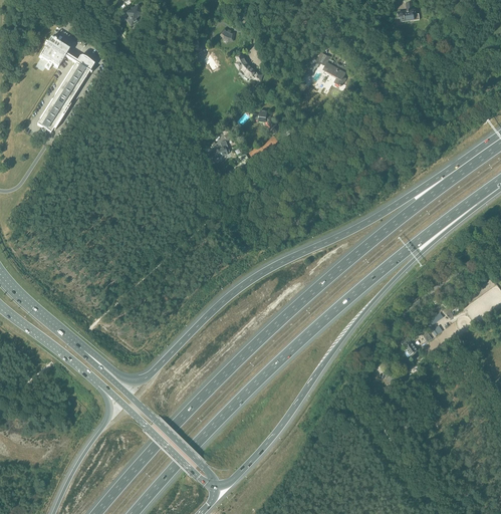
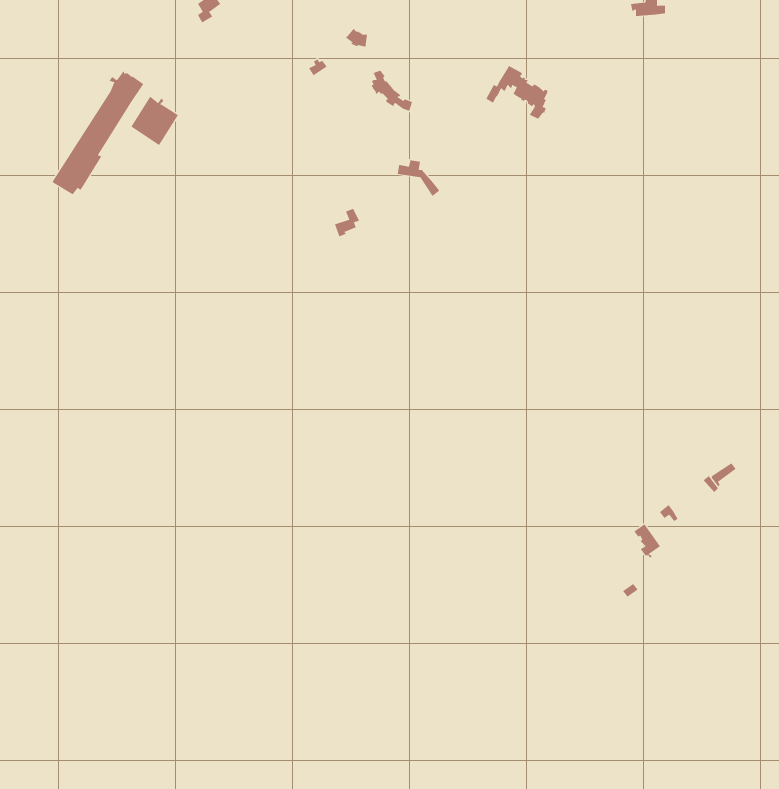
building: [39,36,69,67] -> [130,96,179,146]

